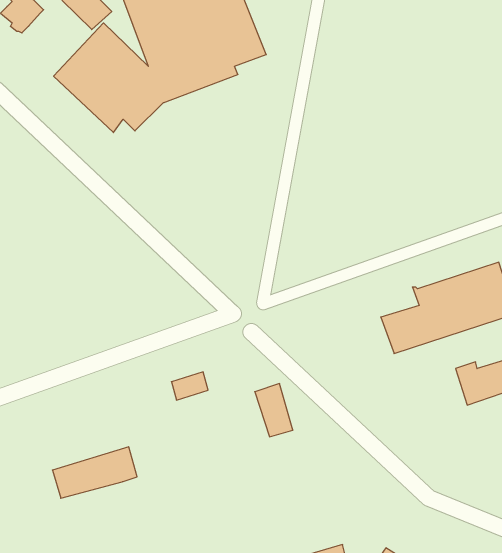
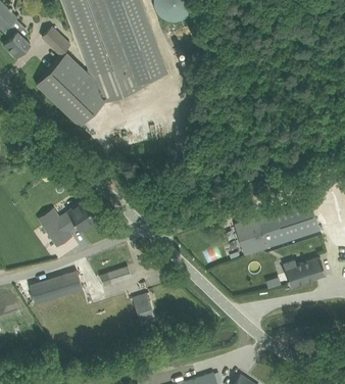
building: none -> [45,201,96,247]
building: [255,384,293,437] -> [132,293,155,326]
building: [52,447,137,498] -> [30,271,82,302]

